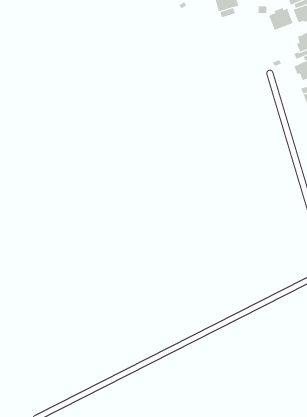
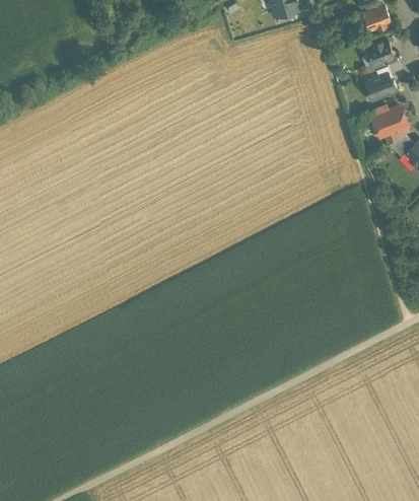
building: [269,7,293,31] -> none

